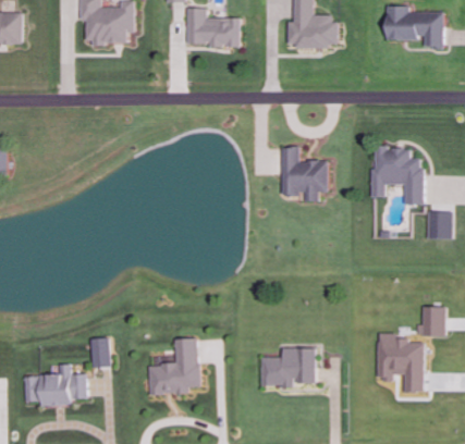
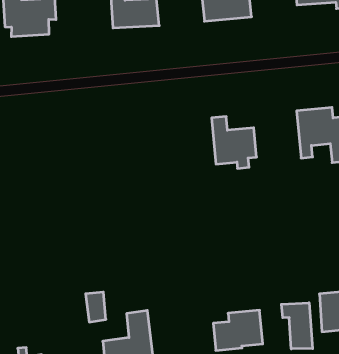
building: [90,338,109,368] -> [86,292,106,322]
building: none -> [281,303,313,349]

